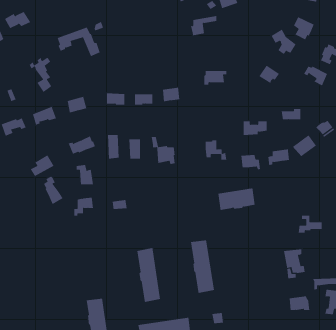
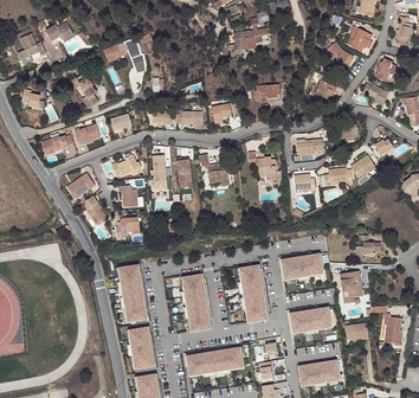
building: [217,188,256,210] -> [281,253,321,277]
building: none -> [120,264,146,322]
building: none -> [289,307,330,330]

